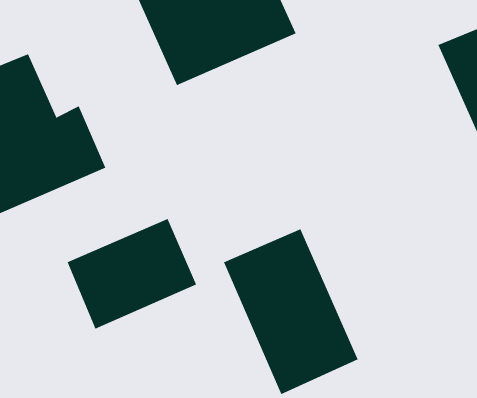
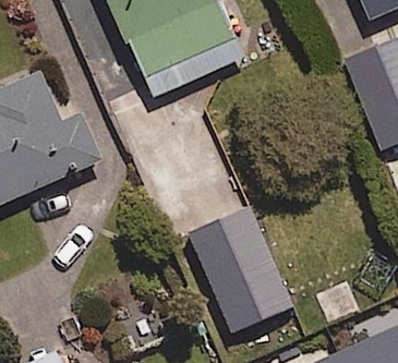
building: [67,218,197,329] -> none

